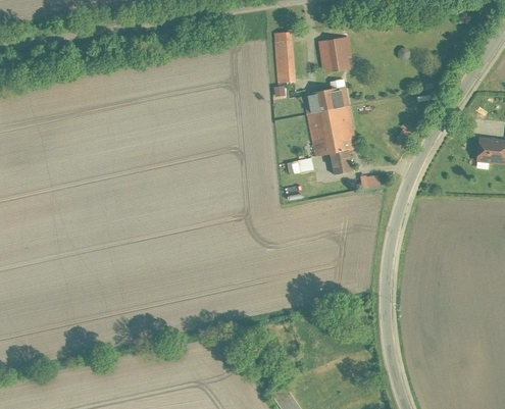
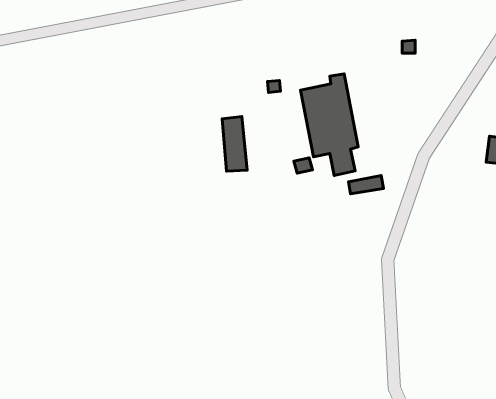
building: [271,32,295,83] -> [222,117,247,171]
building: [317,37,354,72] -> none

